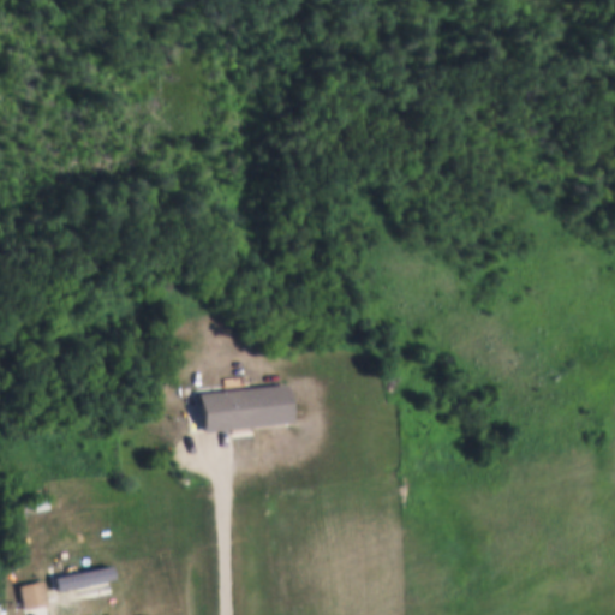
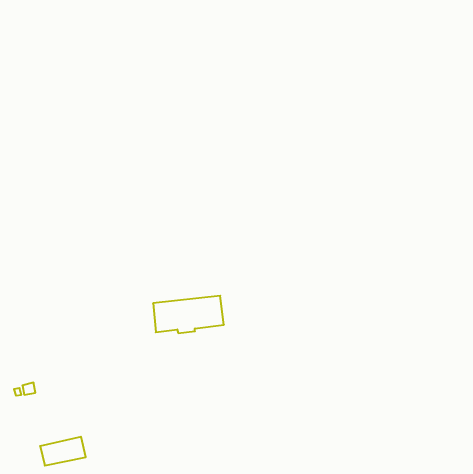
building: [20,580,49,609] -> none

